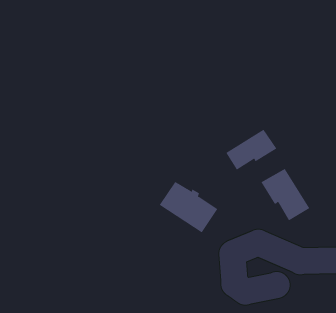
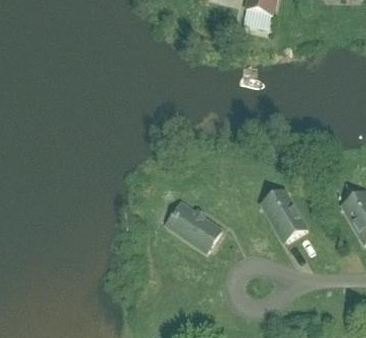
building: [225,129,277,171] -> none

